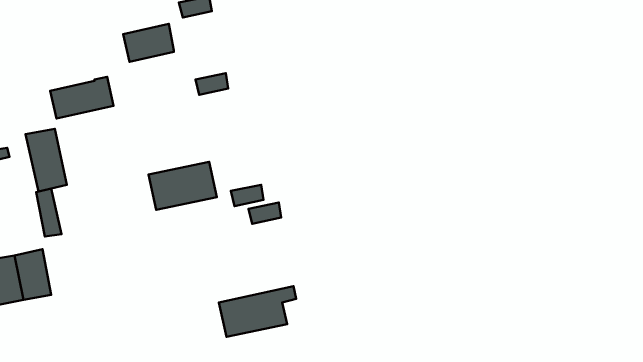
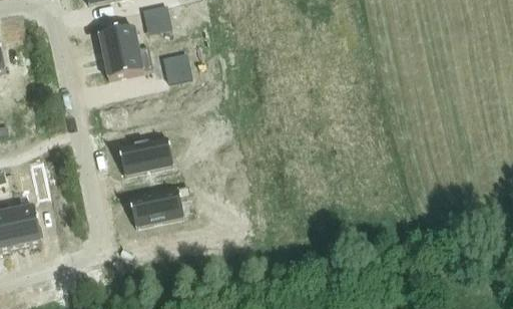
building: [50,77,113,119] -> [103,46,153,79]
building: [26,129,67,192] -> none
building: [219,286,296,337] -> [129,186,190,226]

